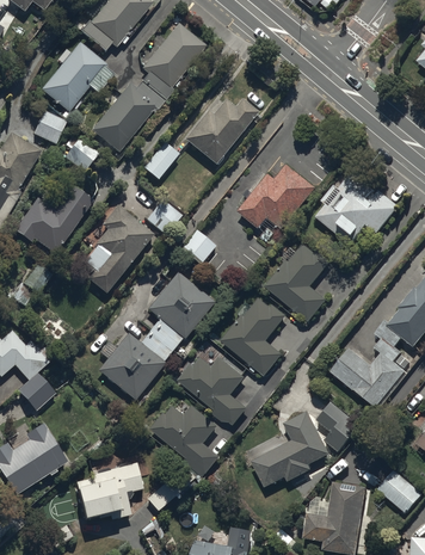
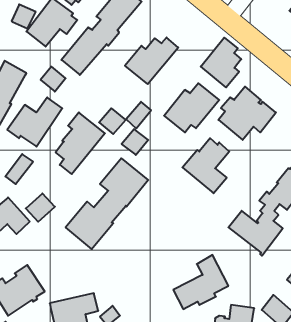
building: none -> [201,38,241,87]
building: [32,110,67,144] -> [12,4,36,29]
building: [142,142,178,180] -> [126,102,151,128]
building: [221,297,285,375] -> none
building: [177,356,247,425] -> none
building: [17,370,58,411] -> [26,193,55,222]
building: [318,401,361,451] -> none
building: [149,403,221,475] -> none

